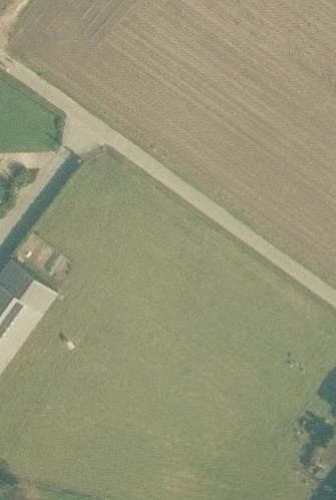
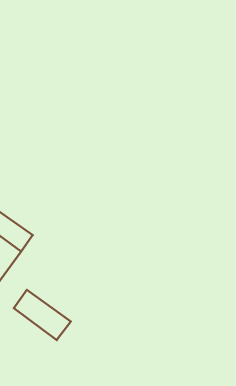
building: none -> [14,290,71,340]

